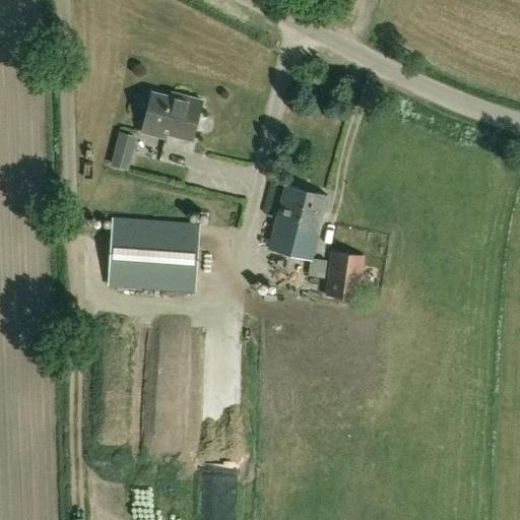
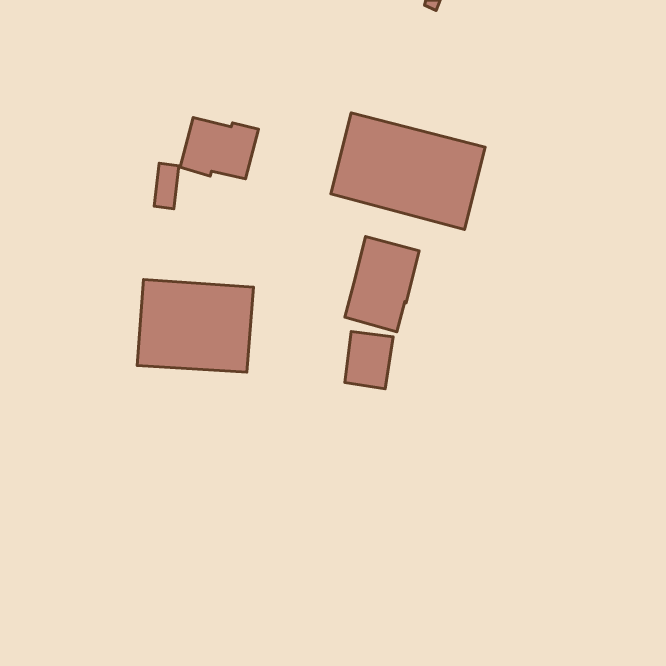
building: none -> [331,113,485,230]
building: [326,253,364,298] -> [345,331,393,389]

